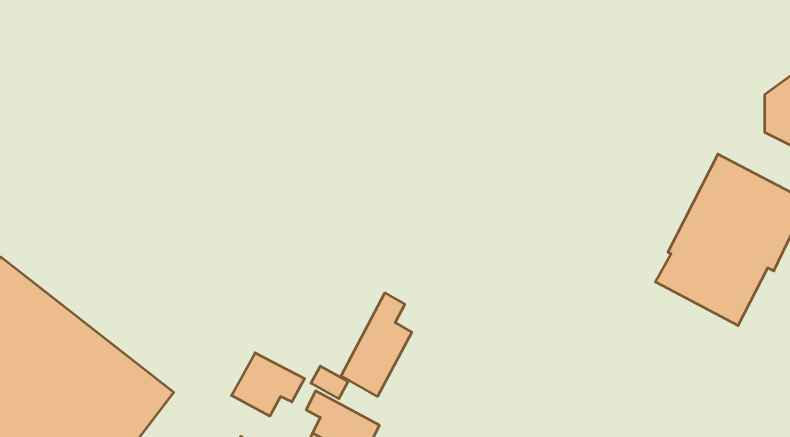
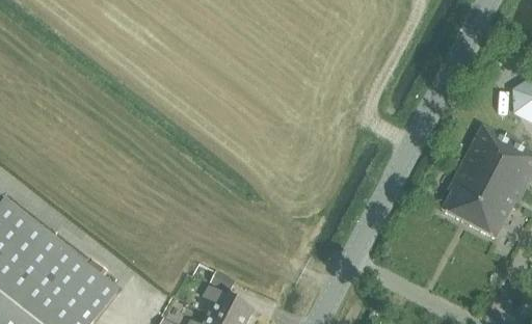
building: [341,293,412,396] -> none
building: [231,353,305,416] -> none

